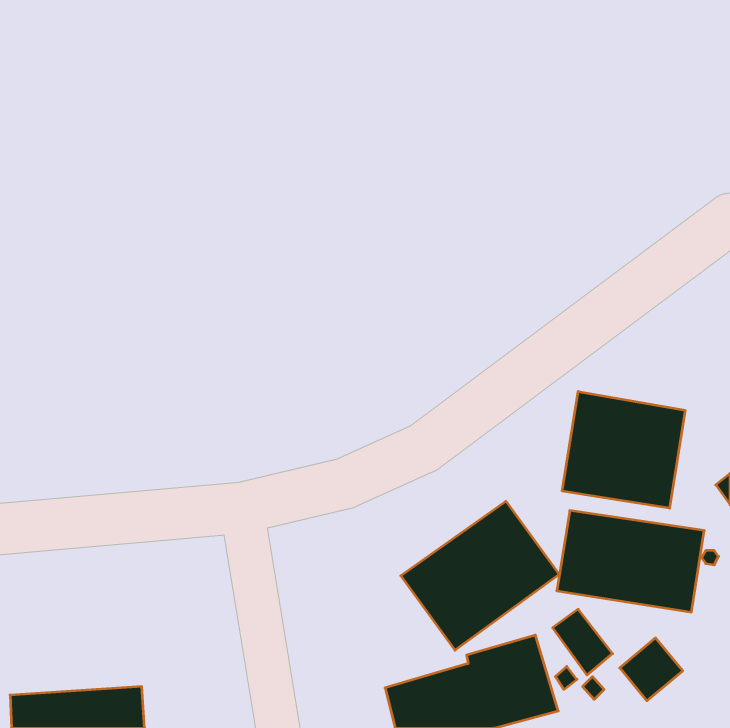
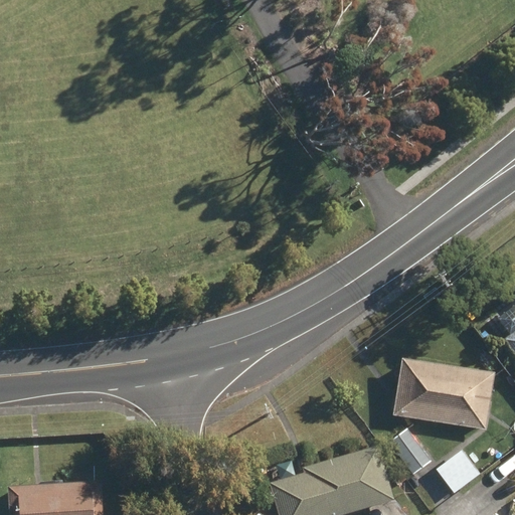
building: [562,391,685,508] -> none
building: [401,501,559,650] -> none

